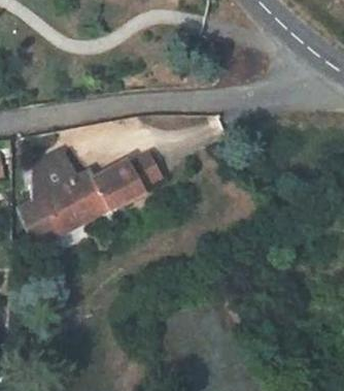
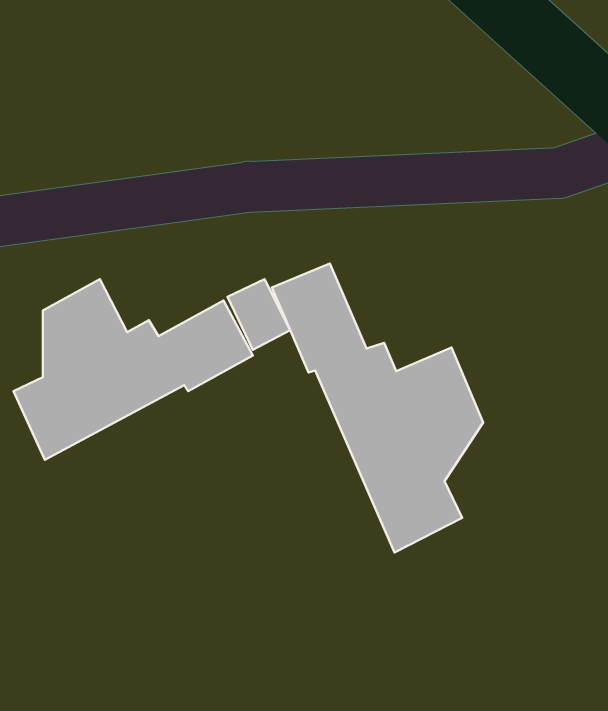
building: none -> [272,264,483,552]

